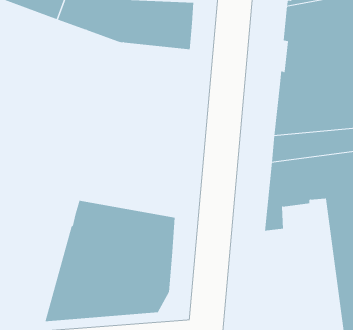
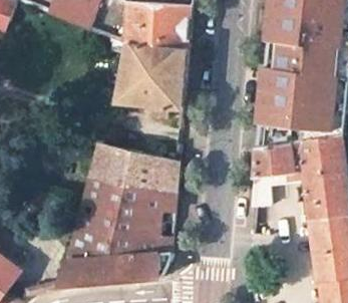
building: none -> [117,42,186,105]
building: none -> [88,145,176,195]

